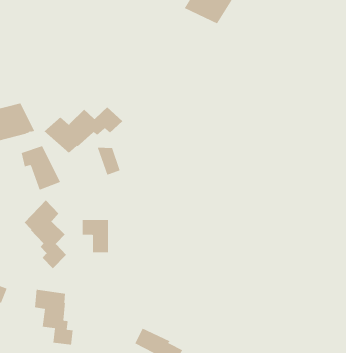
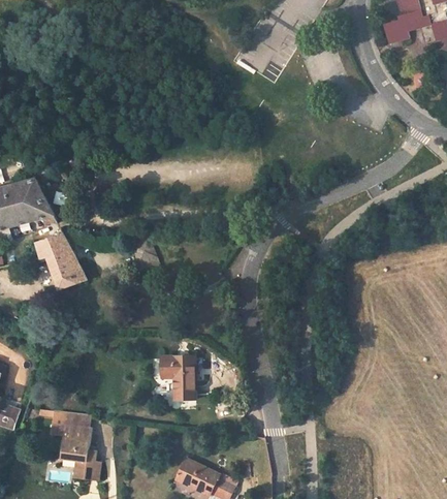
building: [44,107,123,154] -> none
building: [24,199,67,269] -> none
building: [82,219,109,253] -> [162,356,195,398]

